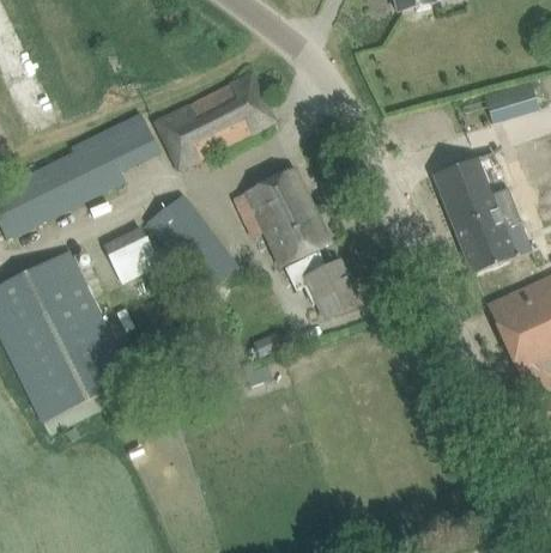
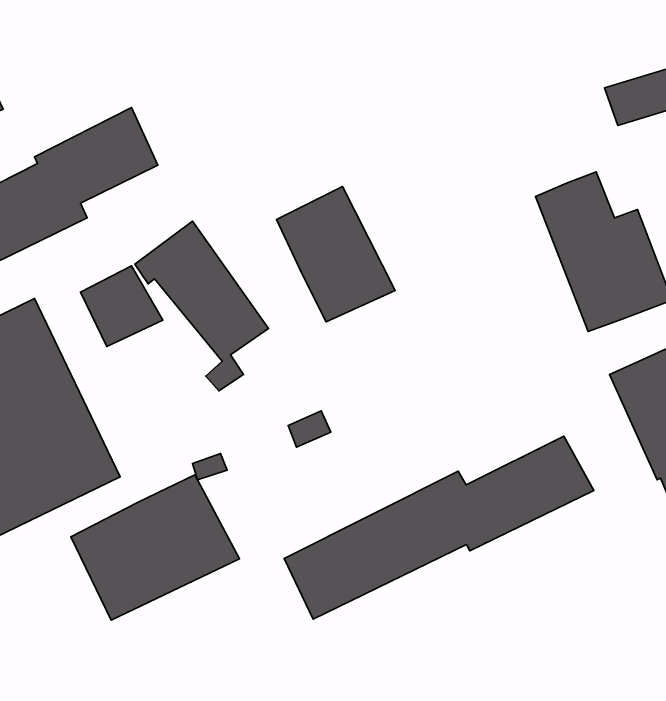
building: [155,73,274,166] -> none
building: [285,250,361,318] -> none
building: none -> [284,436,594,619]
building: none -> [71,475,240,620]

